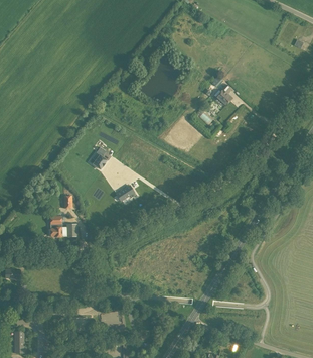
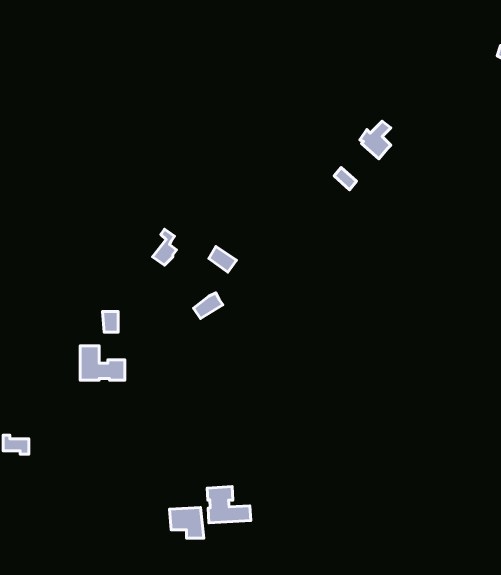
building: none -> [207,487,251,523]

